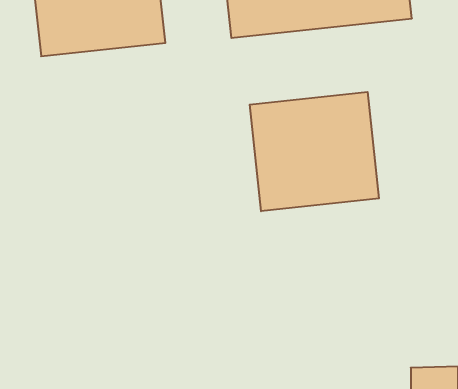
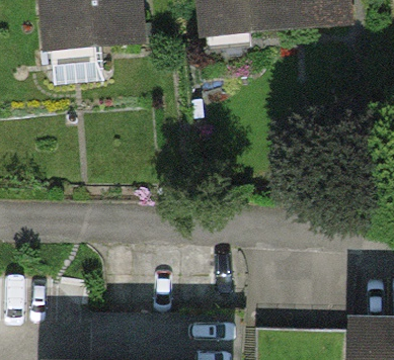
building: [250,92,379,211] -> none

